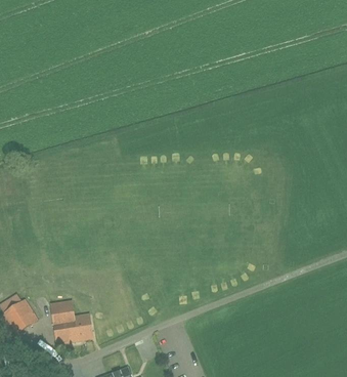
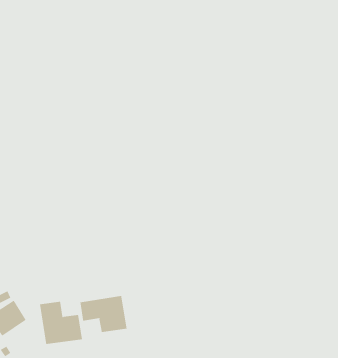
building: none -> [80,295,127,333]

